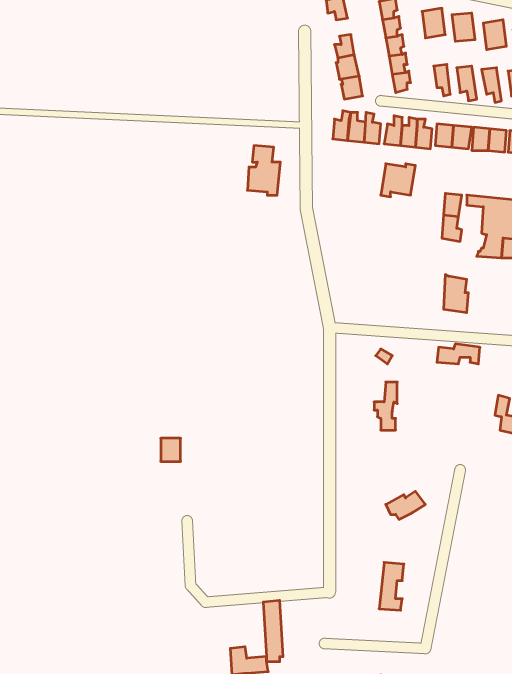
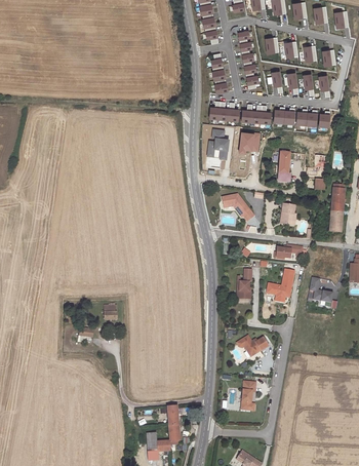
building: [247,146,280,195] -> [208,128,229,159]
building: none -> [221,194,254,222]
building: none -> [265,269,292,298]

